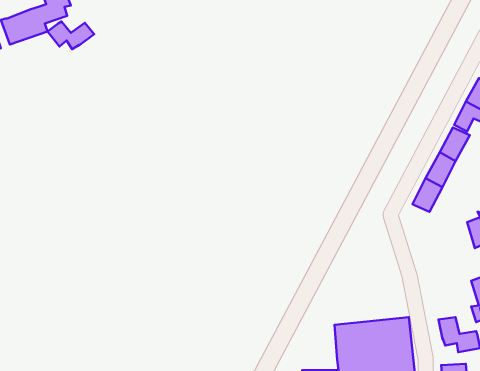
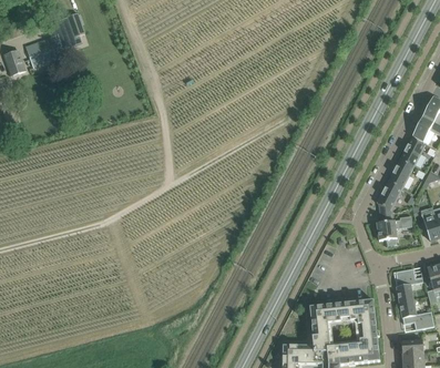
building: [48,21,94,49] -> none
building: none -> [377,204,412,245]
building: none -> [396,268,423,301]

